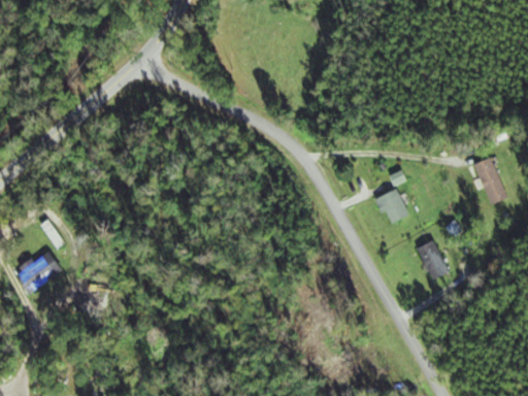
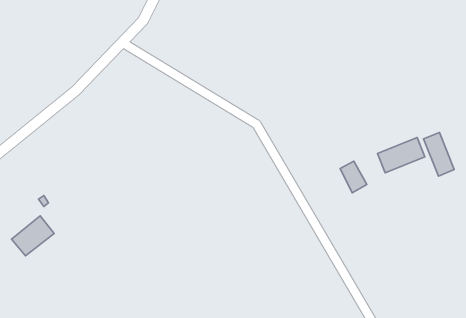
building: none -> [378,138,425,173]
building: [417,240,448,279] -> none

